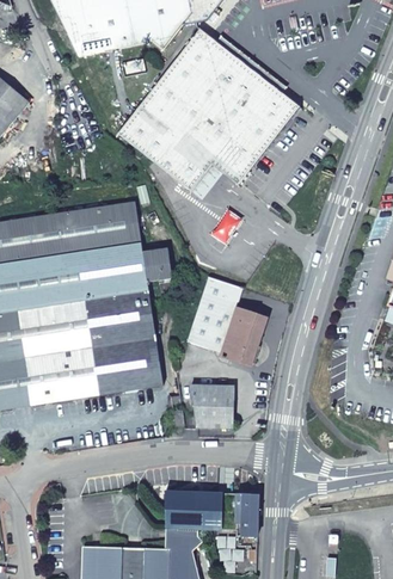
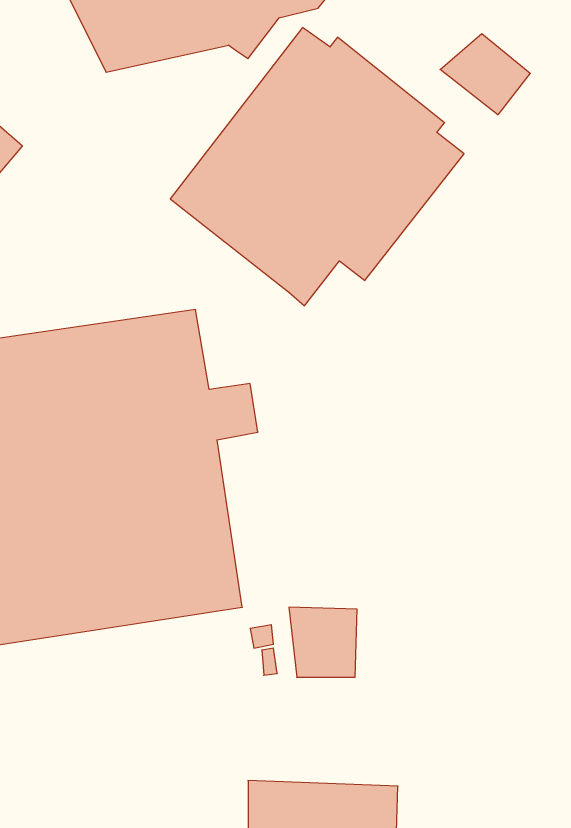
building: none -> [440,34,530,115]
building: [188,277,265,364] -> none

